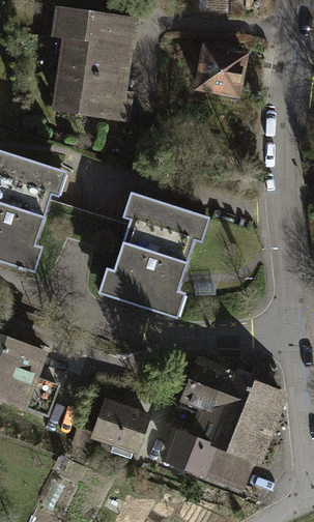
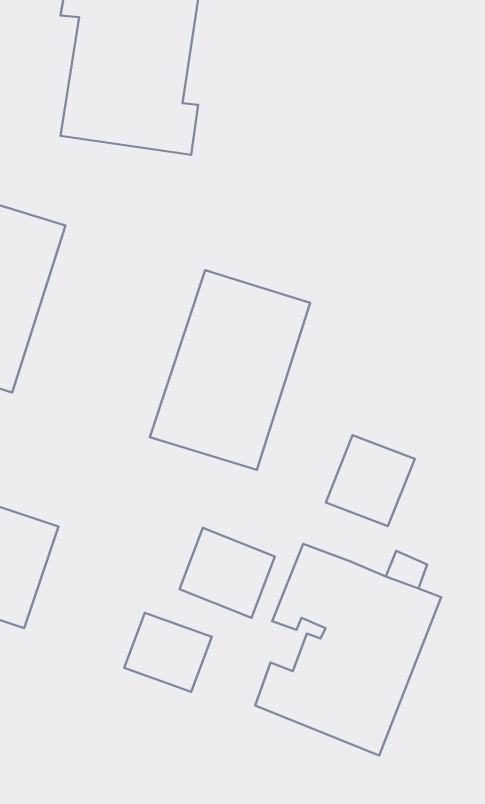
building: [196,46,252,102] -> none
building: none -> [326,435,415,526]
building: none -> [179,528,275,618]

